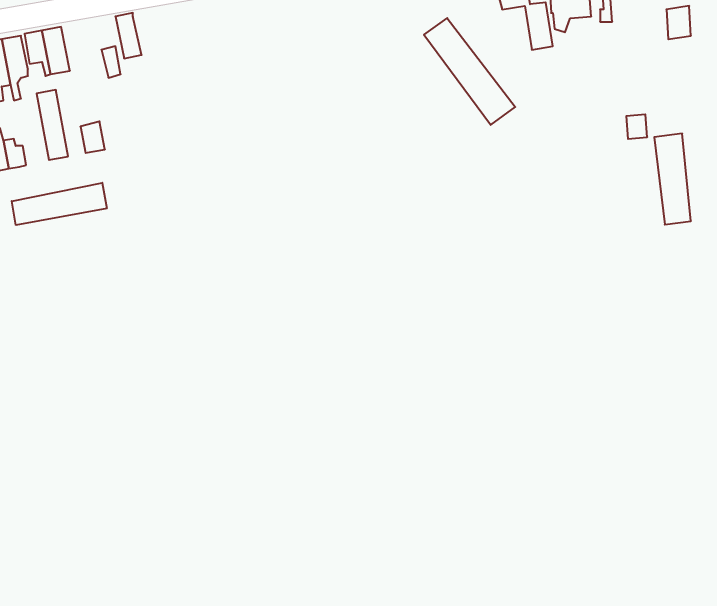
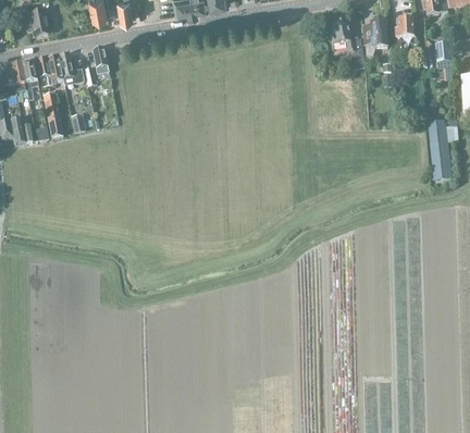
building: [424,18,515,125] -> none
building: none -> [59,50,84,83]
building: [12,183,107,225] -> none

